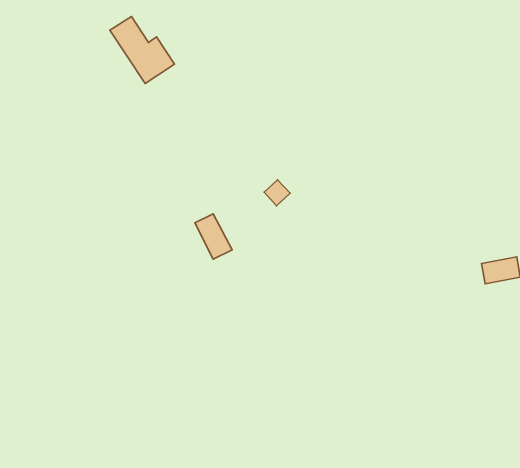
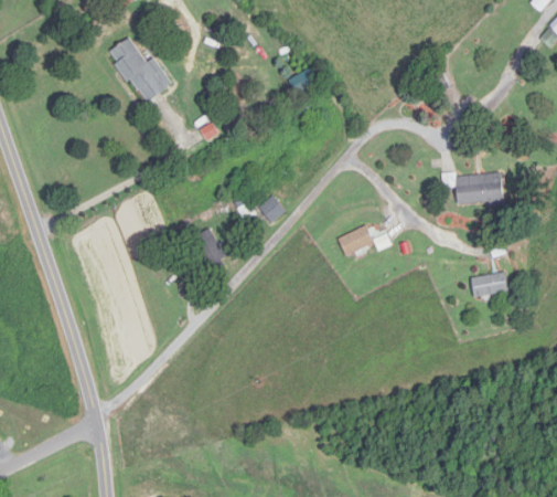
building: none -> [442,173,502,204]
building: none -> [336,225,374,256]

